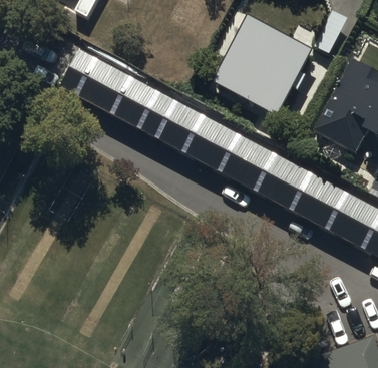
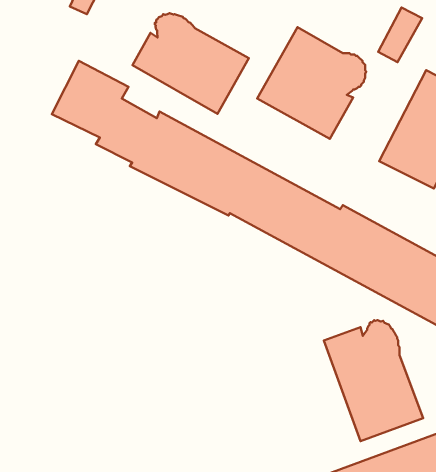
building: none -> [132,13,249,114]
building: none -> [324,320,423,441]

